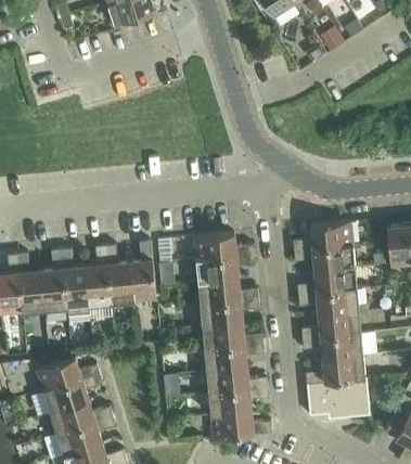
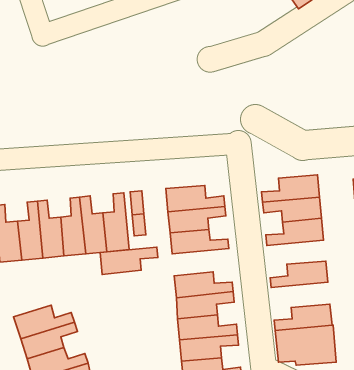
building: [297,289,358,314] -> none
building: [200,298,259,326] -> [100,247,158,274]
building: [301,333,362,359] -> none

